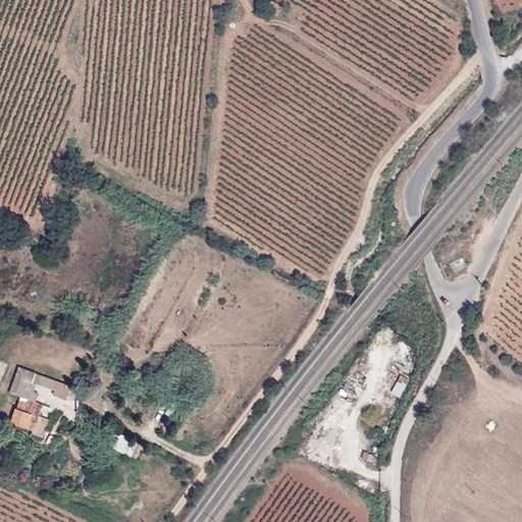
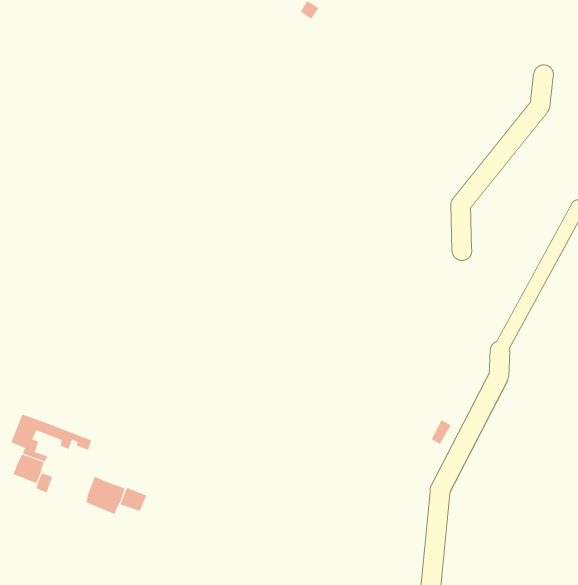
building: none -> [86,476,126,515]

